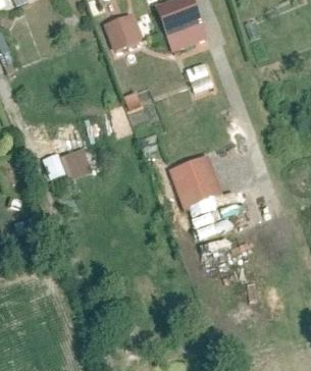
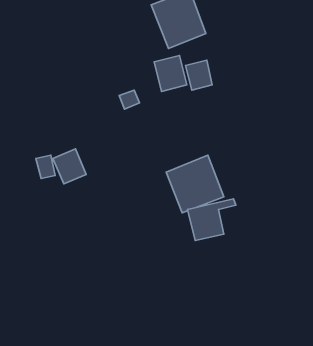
building: [104,14,141,53] -> none
building: none -> [154,55,187,92]

